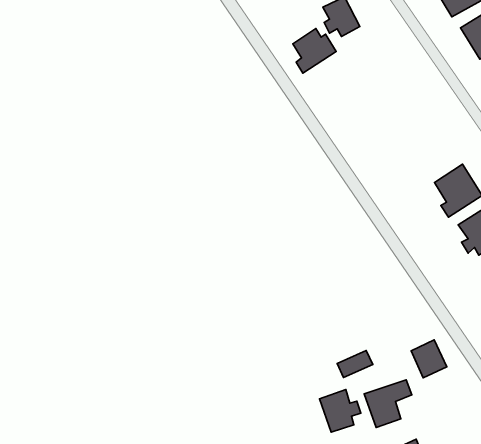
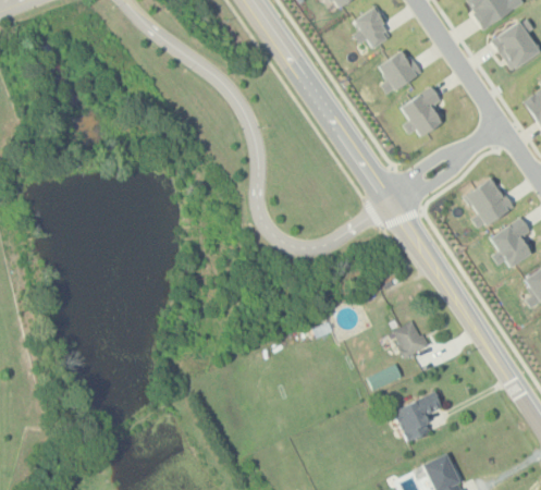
building: [293,29,336,73] -> [379,49,422,94]
building: none -> [401,85,446,135]
building: [411,340,447,378] -> [393,319,429,357]
building: [320,390,361,432] -> none

